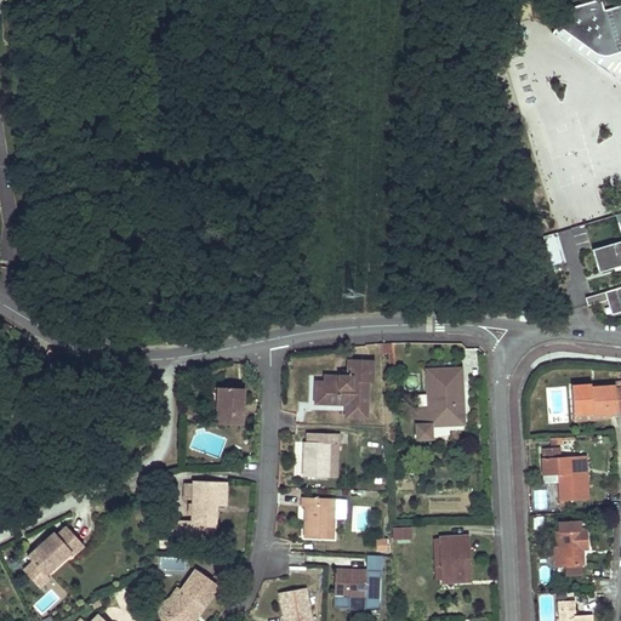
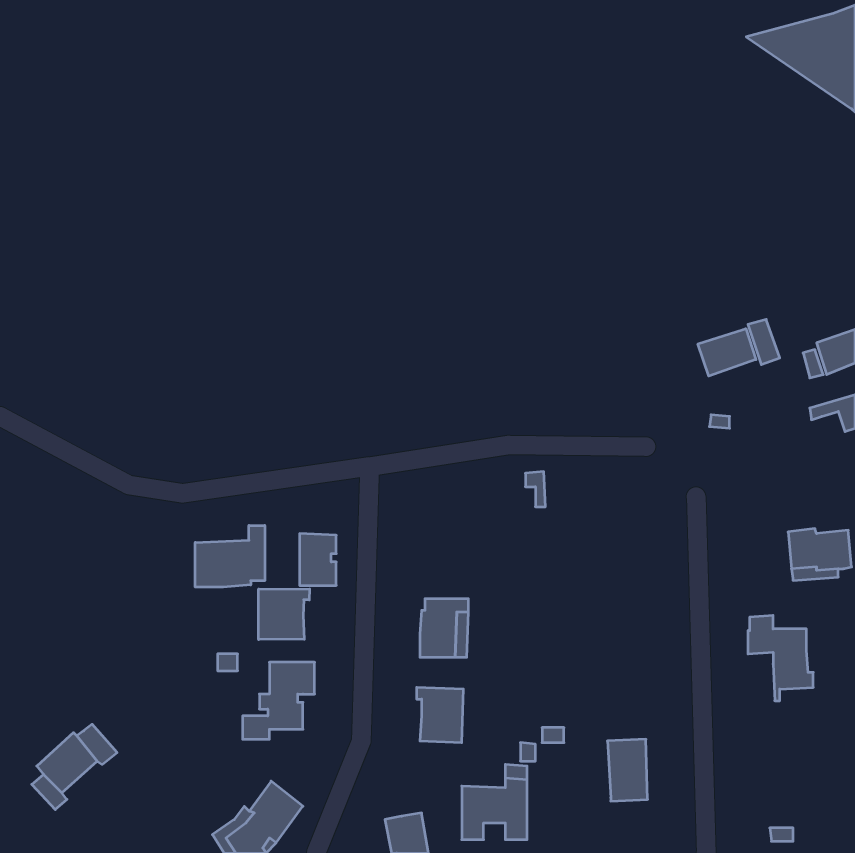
building: none -> [698,329,756,376]
building: [315,361,372,417] -> none
building: [415,369,463,439] -> none
building: none -> [195,525,265,587]
building: none -> [259,589,310,640]
building: [554,520,588,566] -> none

